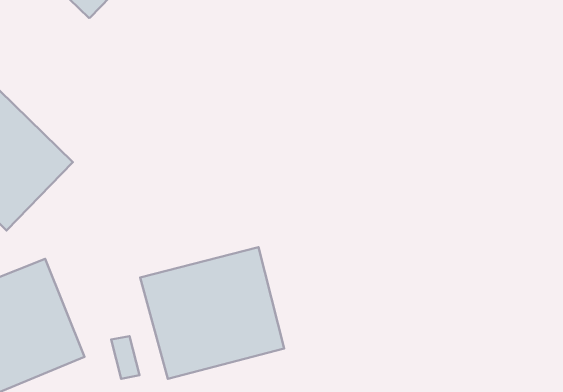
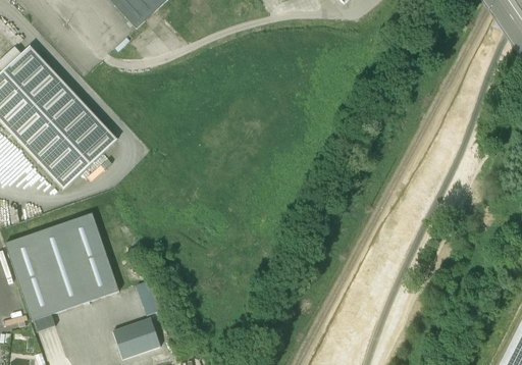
building: [140,247,284,379] -> none

